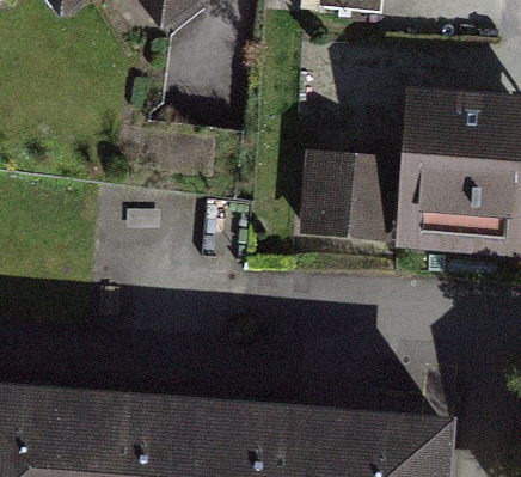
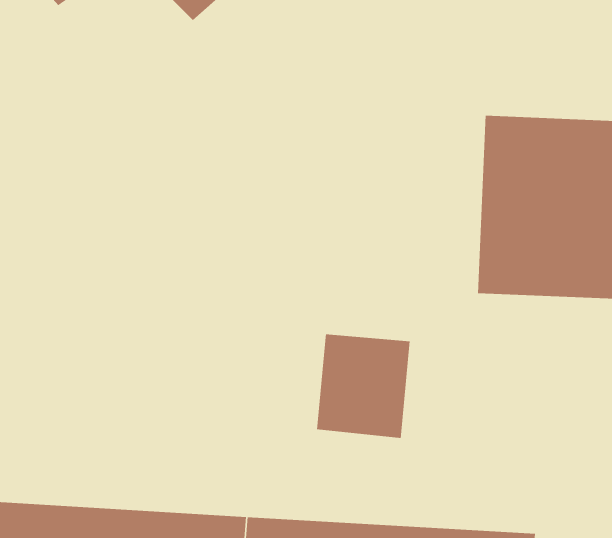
building: [304,157,379,240] -> [316,334,410,439]

